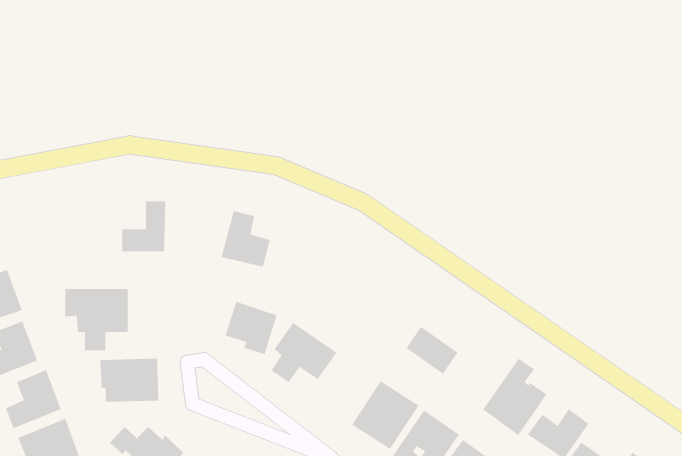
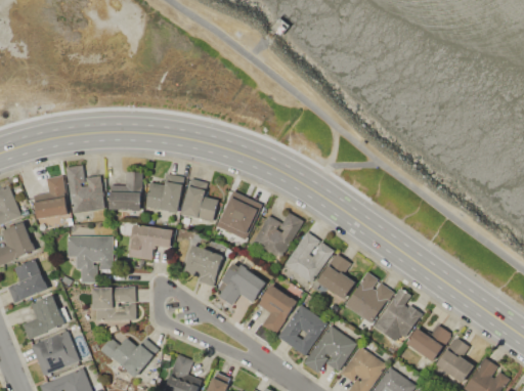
building: none -> [66,164,104,212]
building: none -> [144,173,184,212]
building: none -> [34,174,68,218]
building: none -> [217,190,261,238]
building: none -> [252,212,303,260]
building: none -> [129,223,174,259]
building: none -> [283,230,334,283]
building: none -> [345,272,393,322]
building: none -> [258,284,298,334]

